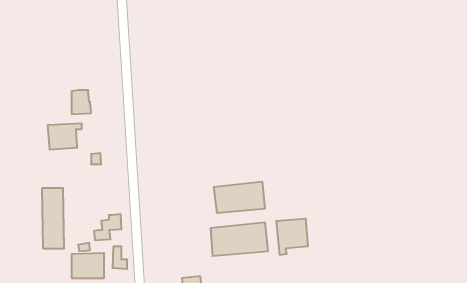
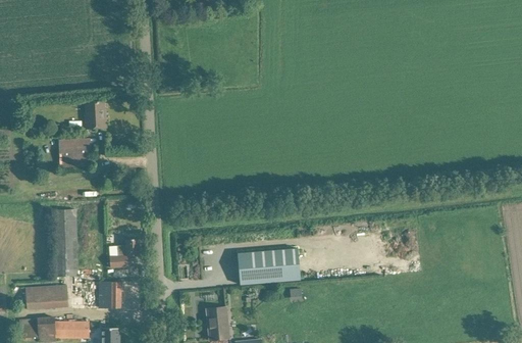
building: [214,182,265,213] -> none
building: [277,218,308,255] -> none
building: none -> [24,285,67,308]

